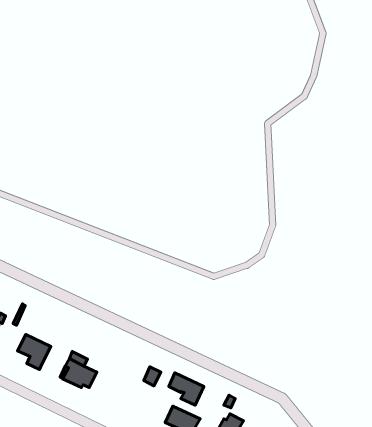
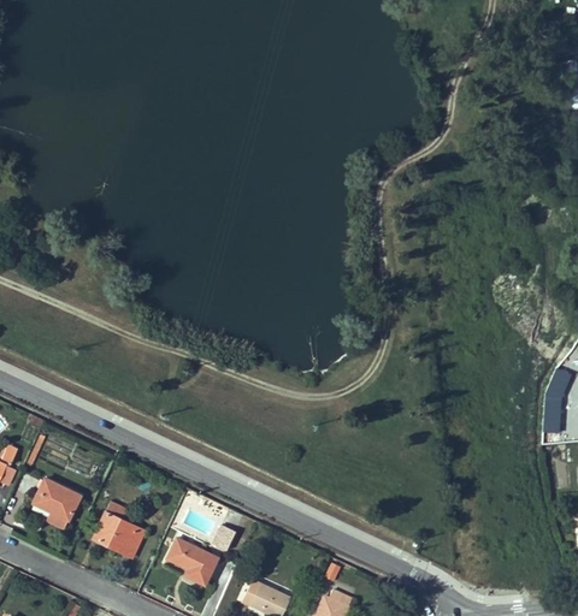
building: [169,373,204,405] -> [169,539,218,585]

